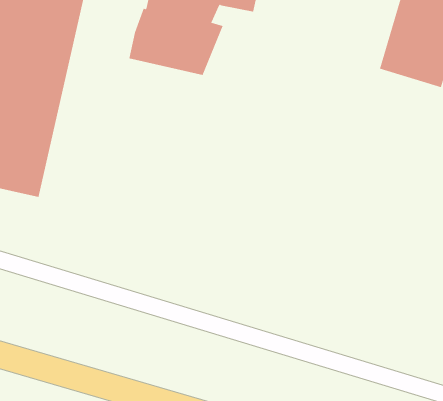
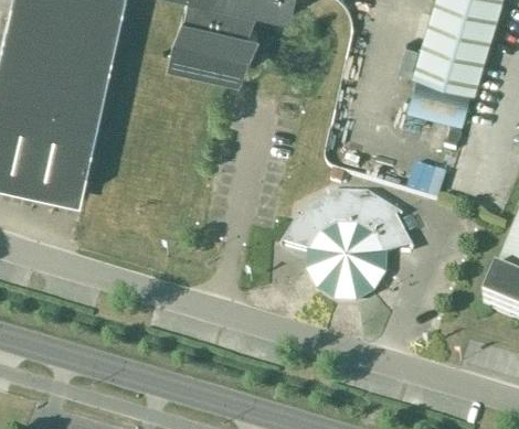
building: none -> [410,77,472,126]
building: none -> [284,194,413,301]

